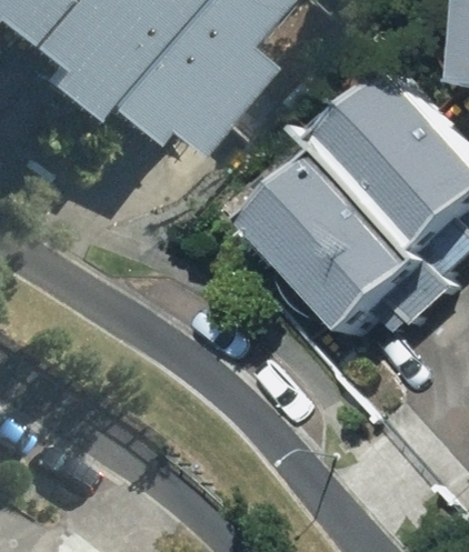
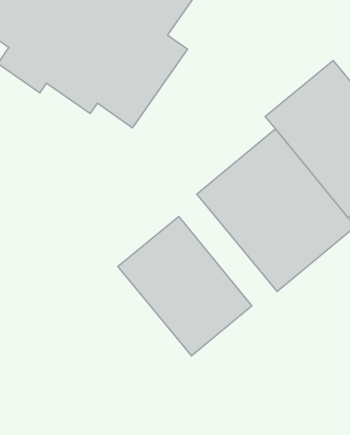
building: none -> [118,217,252,356]

